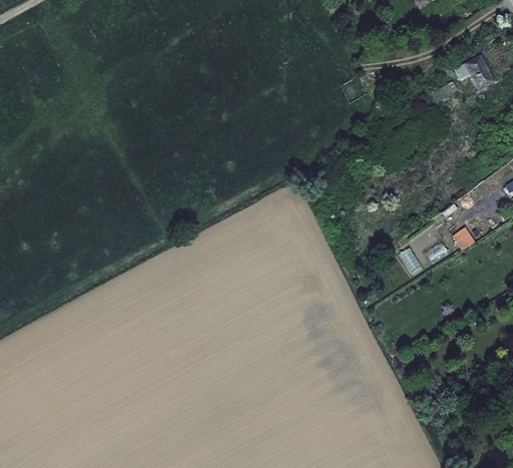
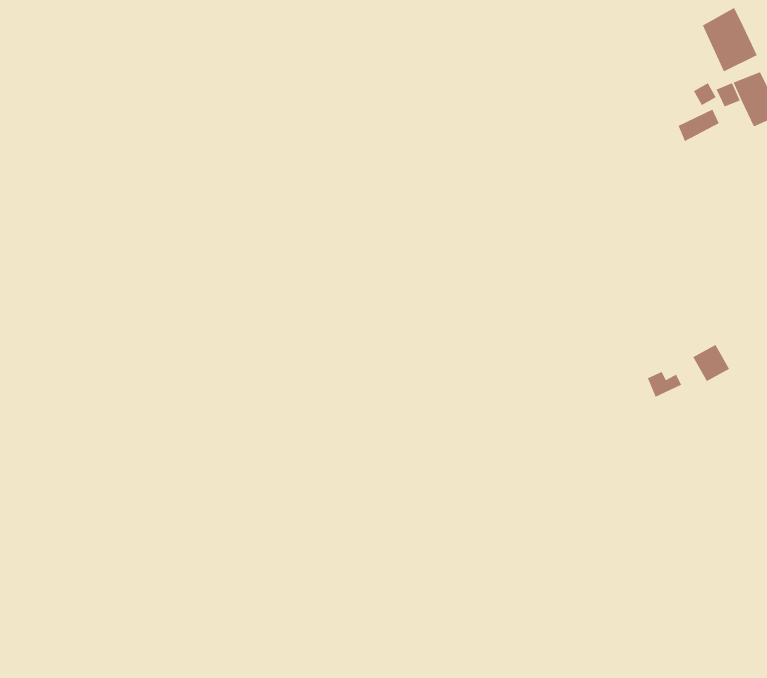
building: none -> [702,7,758,73]

